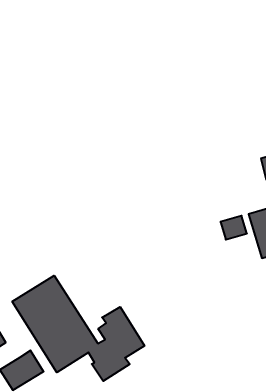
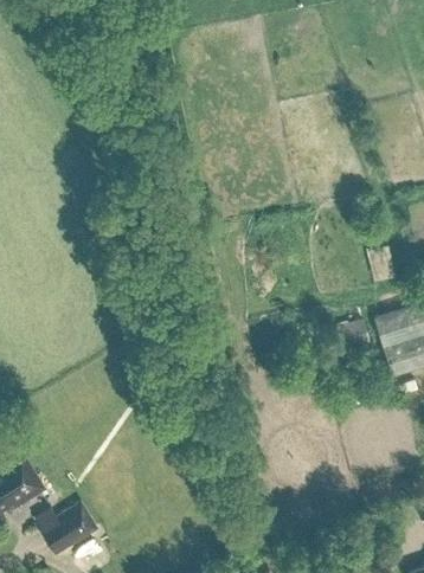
building: [12,276,144,381] -> none

